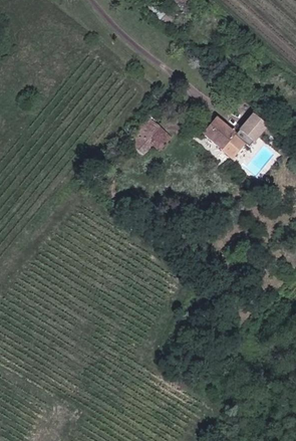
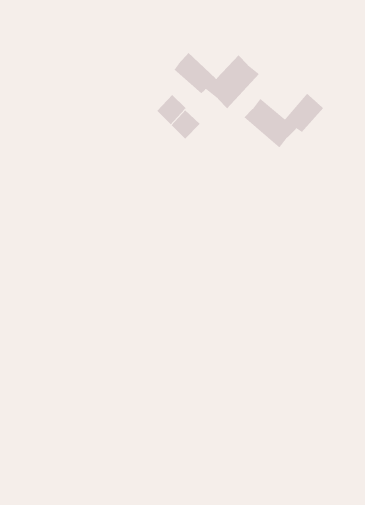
building: none -> [173,52,260,109]

